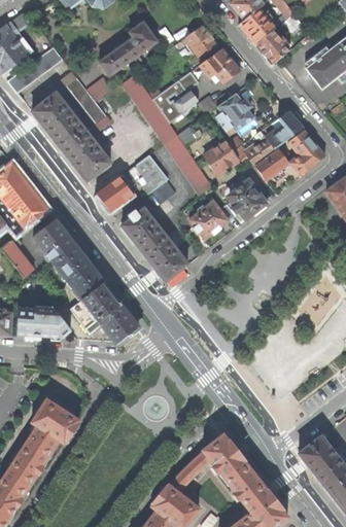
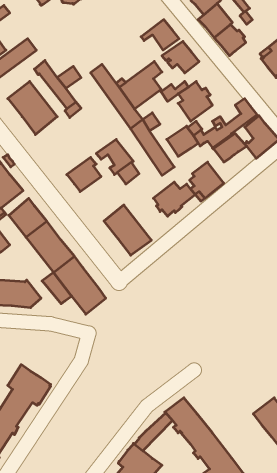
building: [99,23,158,76] -> none
building: [62,131,110,181] -> none
building: [122,209,158,244] -> none

